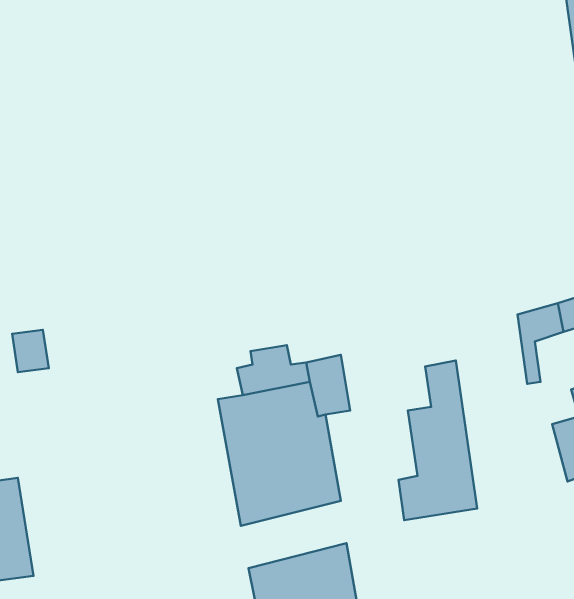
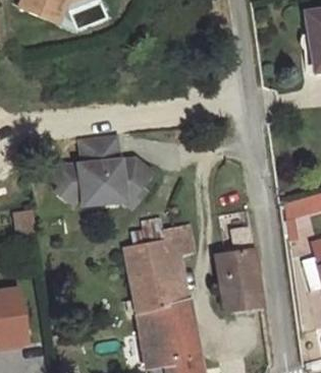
building: none -> [53,135,152,207]
building: none -> [137,302,193,337]

